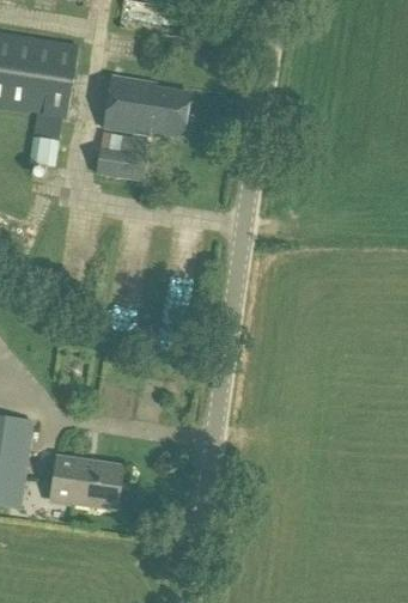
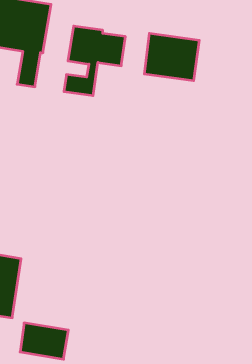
building: none -> [144,33,199,81]
building: [51,456,123,510] -> [20,323,68,359]

